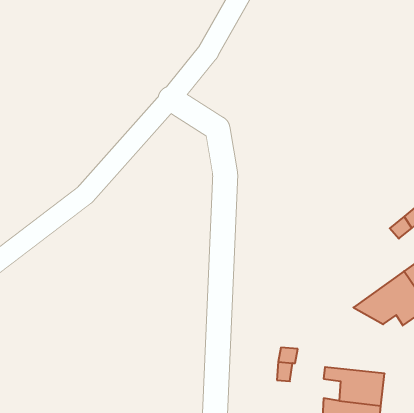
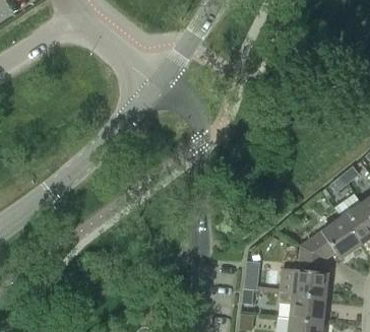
building: none -> [280,245,329,296]

